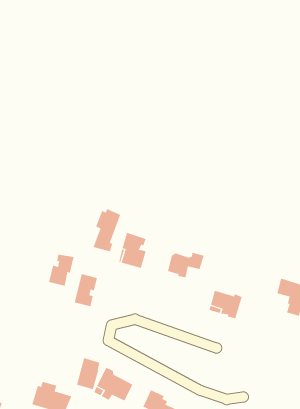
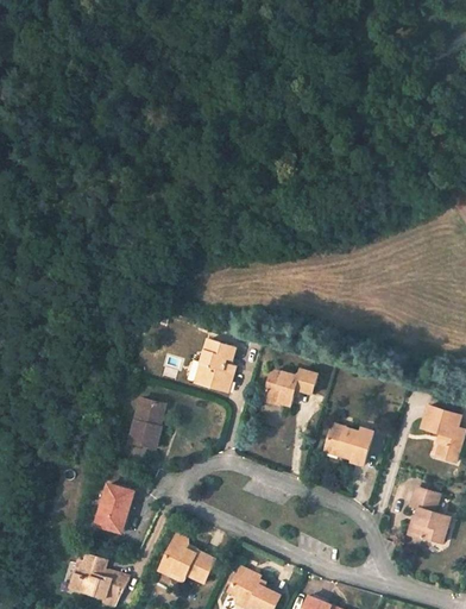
building: [93,208,121,252] -> none
building: [49,254,74,286] -> none
building: none -> [407,488,448,542]
building: [76,357,100,390] -> [95,485,130,532]

